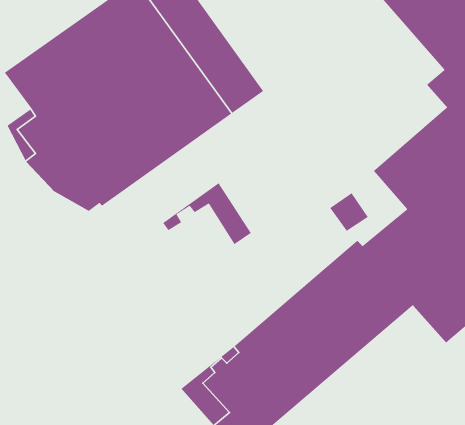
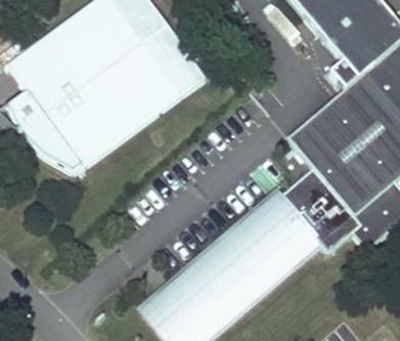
building: [162,182,252,245] -> none

